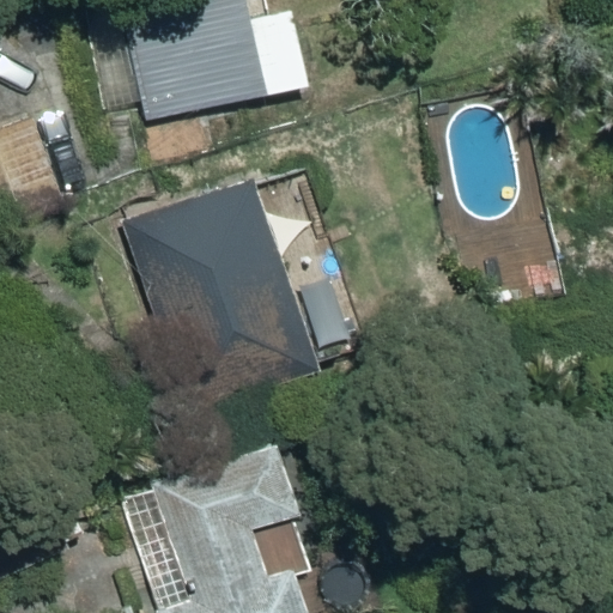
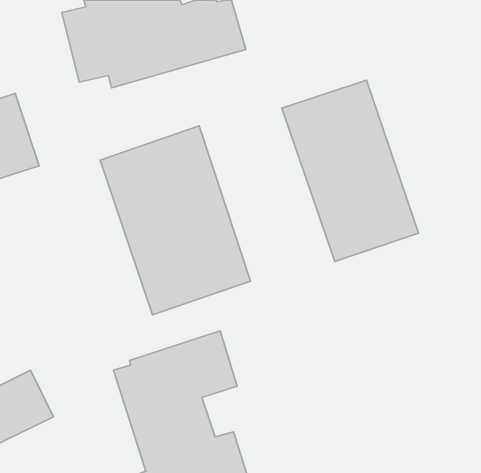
building: none -> [282,80,418,261]

